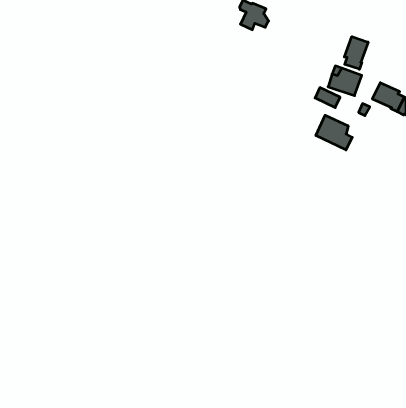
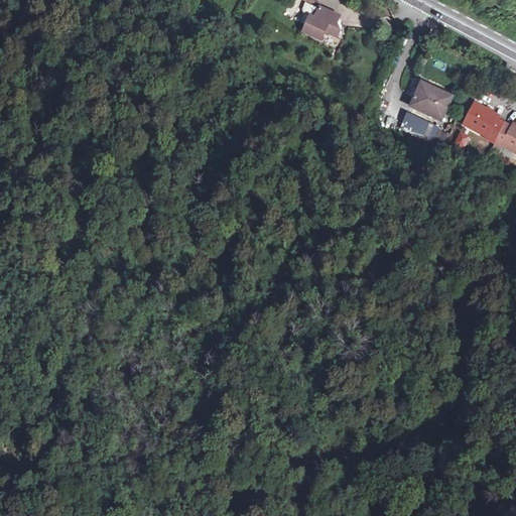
building: [344,37,368,69] -> none
building: [316,115,352,150] -> none

